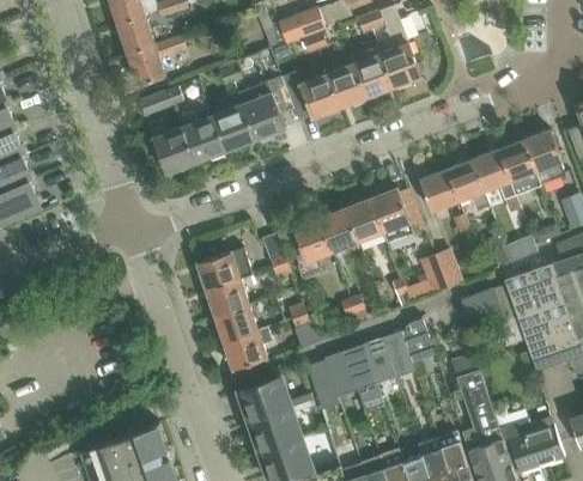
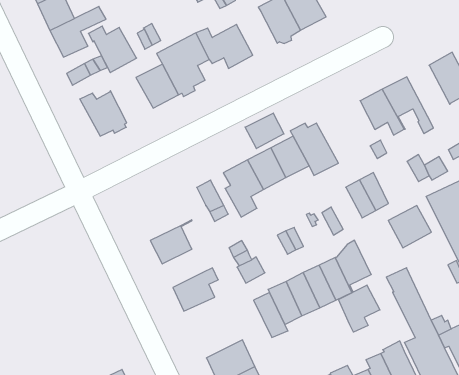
building: [326,61,366,106] -> none
building: [178,111,226,162] -> [88,26,137,73]
building: [499,140,541,194] -> none
building: [419,169,458,211] -> none
building: none -> [245,113,284,149]
building: [198,246,253,290] -> none
building: [215,304,257,342] -> none
building: none -> [338,285,380,332]
building: [239,376,312,421] -> none

